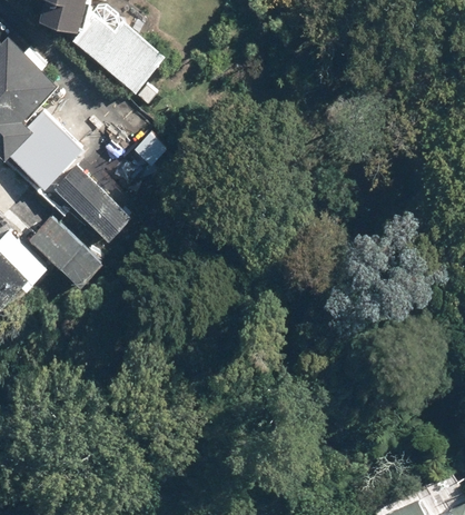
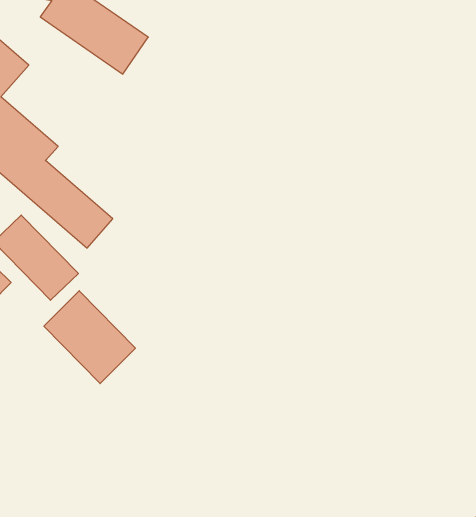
building: none -> [44,291,135,384]

